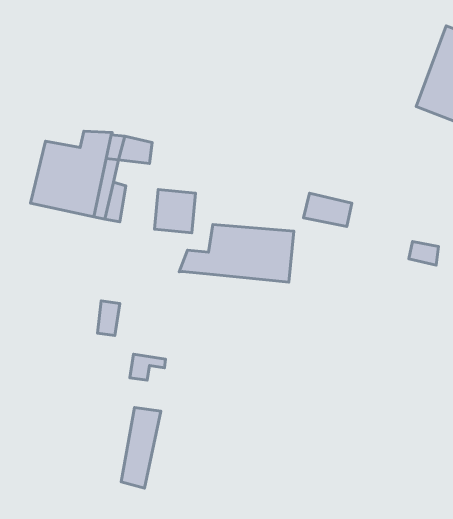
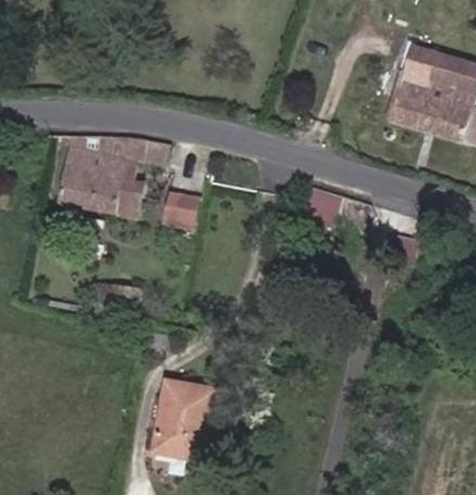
building: [179,224,294,282] -> none
building: none -> [160,385,195,455]

